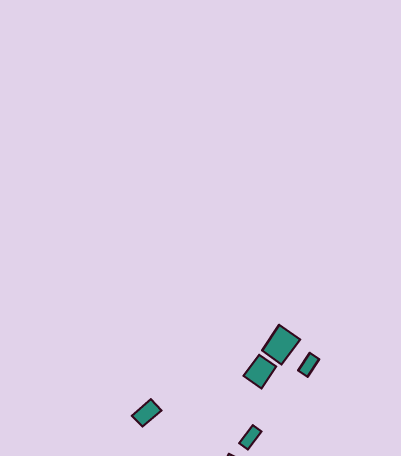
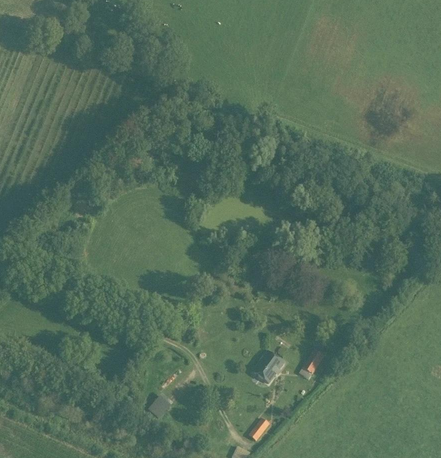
building: [262,325,300,364] -> none

